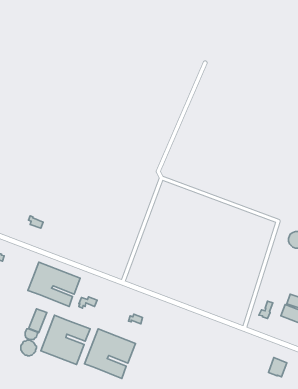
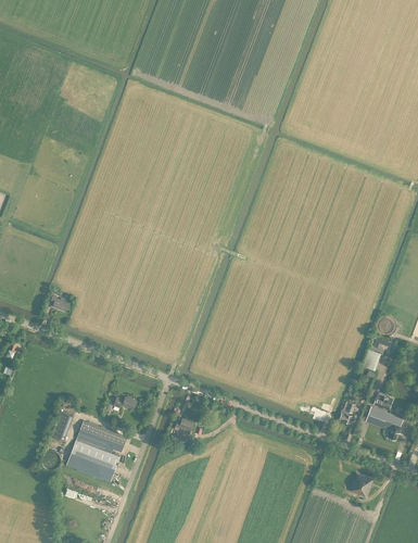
building: [28,262,80,307] -> none
building: [85,329,135,378] -> none

